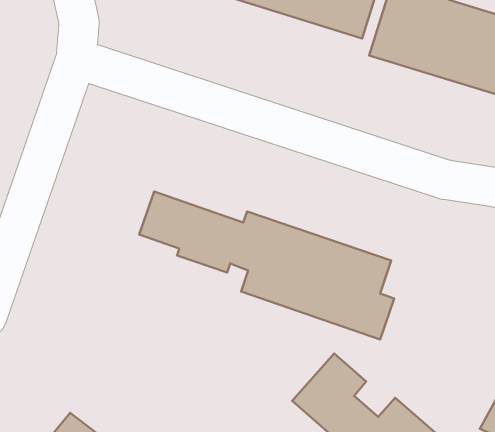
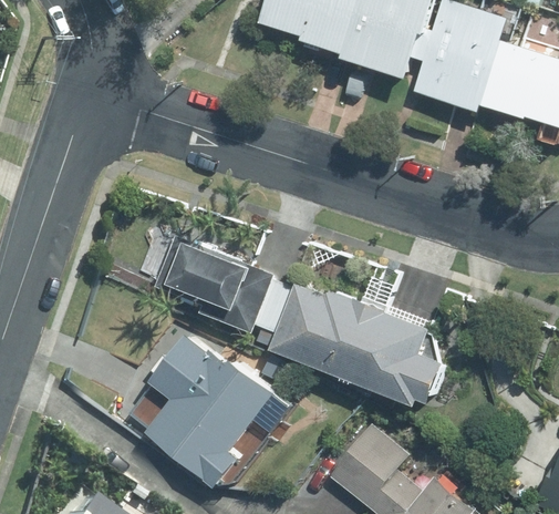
building: none -> [128,326,300,501]

